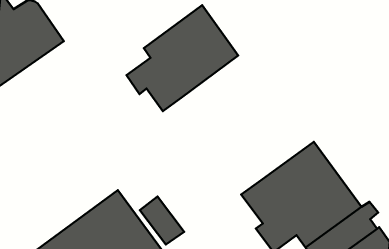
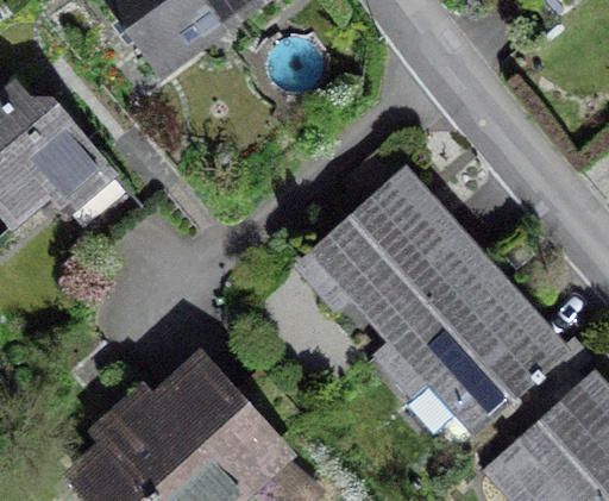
building: [126,5,238,111] -> none
building: none -> [303,174,482,330]

